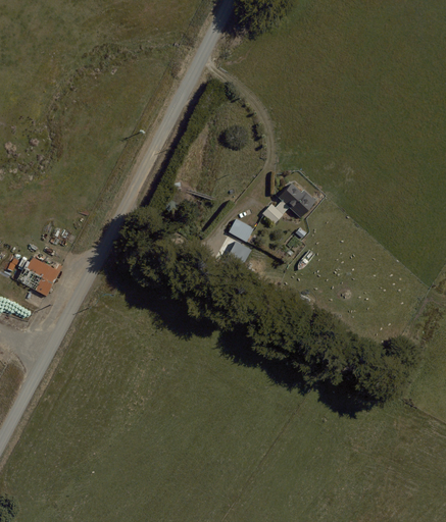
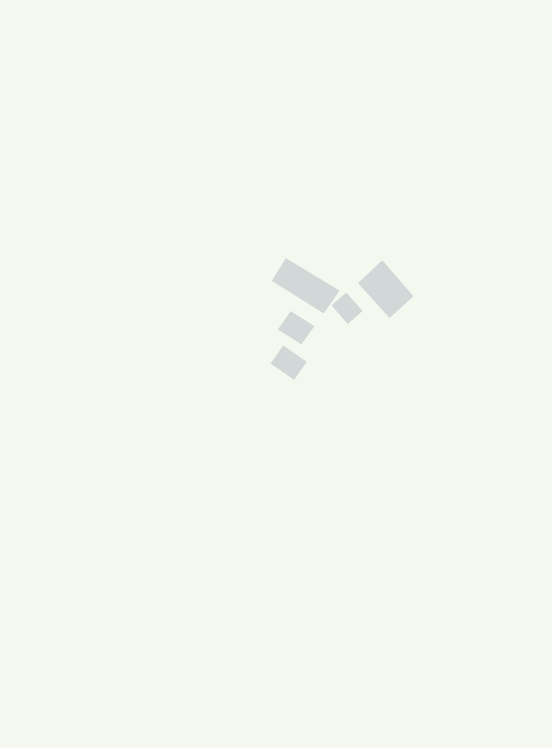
building: none -> [271,257,340,314]

